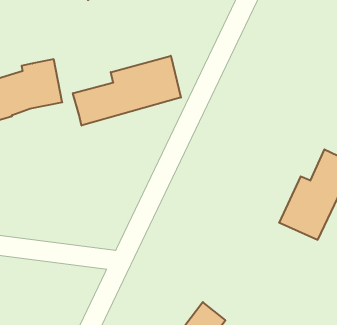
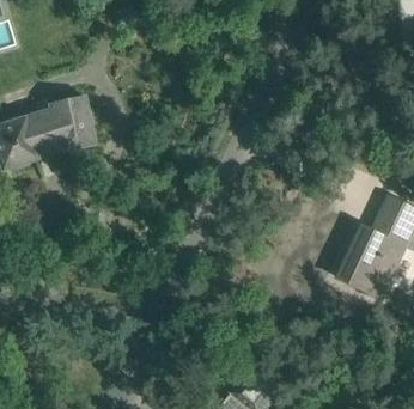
building: [73,56,181,126] -> none

